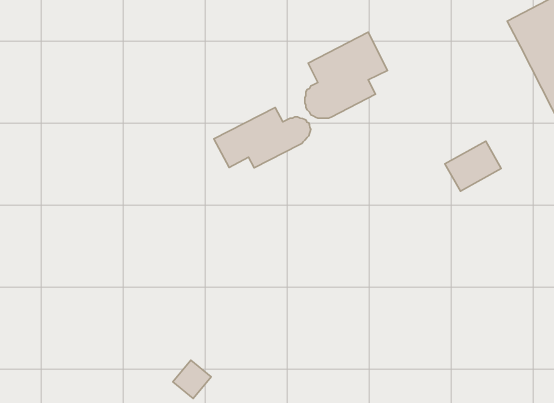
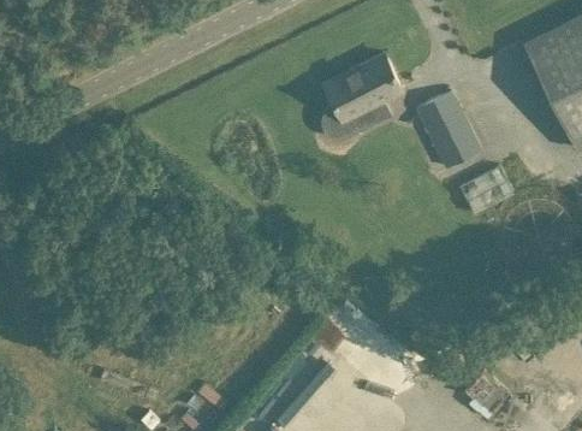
building: none -> [415,91,482,170]
building: [214,108,311,168] -> none

